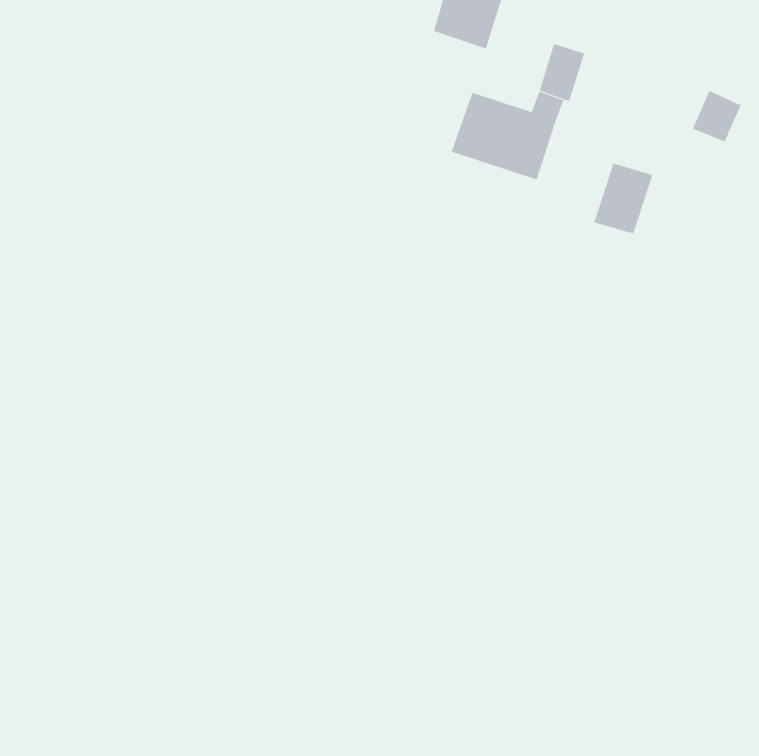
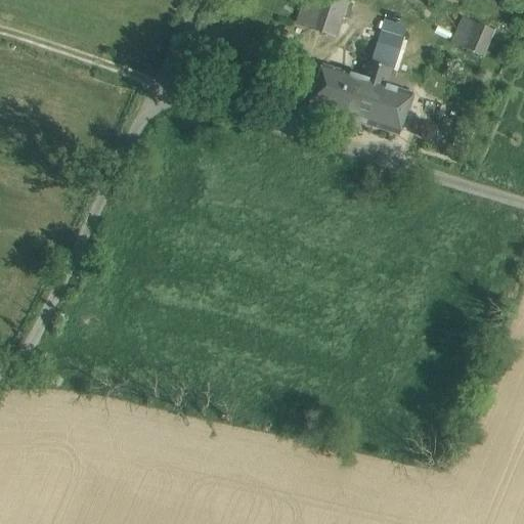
building: [692,90,741,142] -> [462,18,495,54]
building: [594,163,653,234] -> [370,83,411,132]

